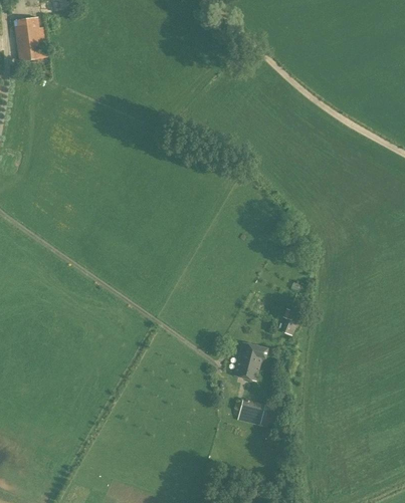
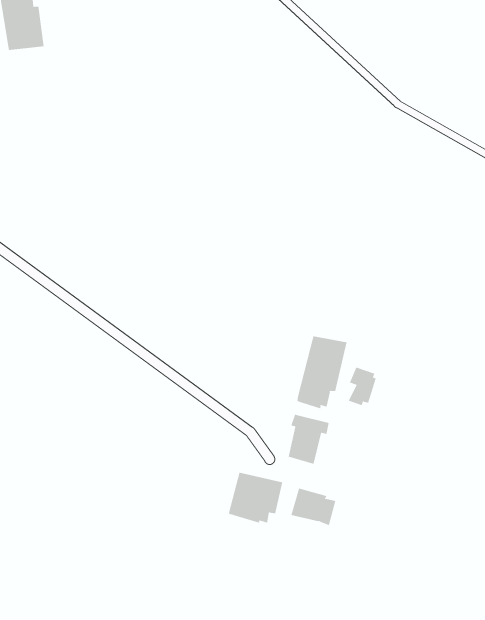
building: none -> [297,335,347,409]
building: none -> [229,472,283,524]

